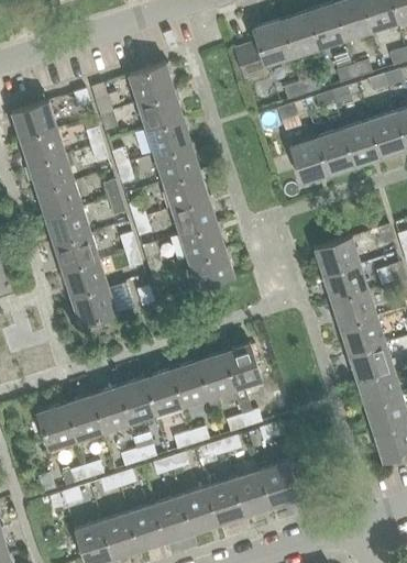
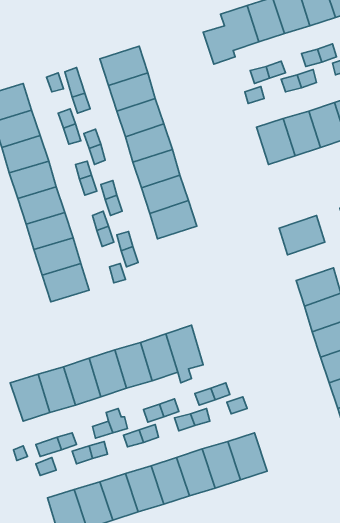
building: [187,249,237,289] -> none
building: [321,265,369,305] -> none
building: [222,342,262,401] -> none

